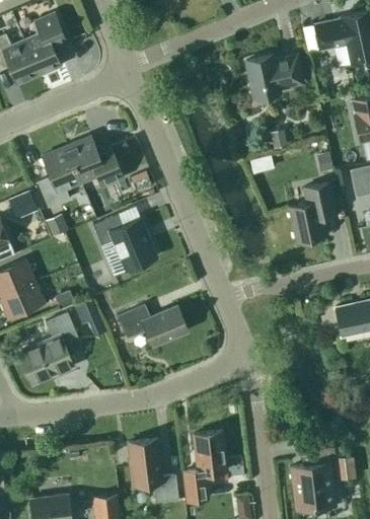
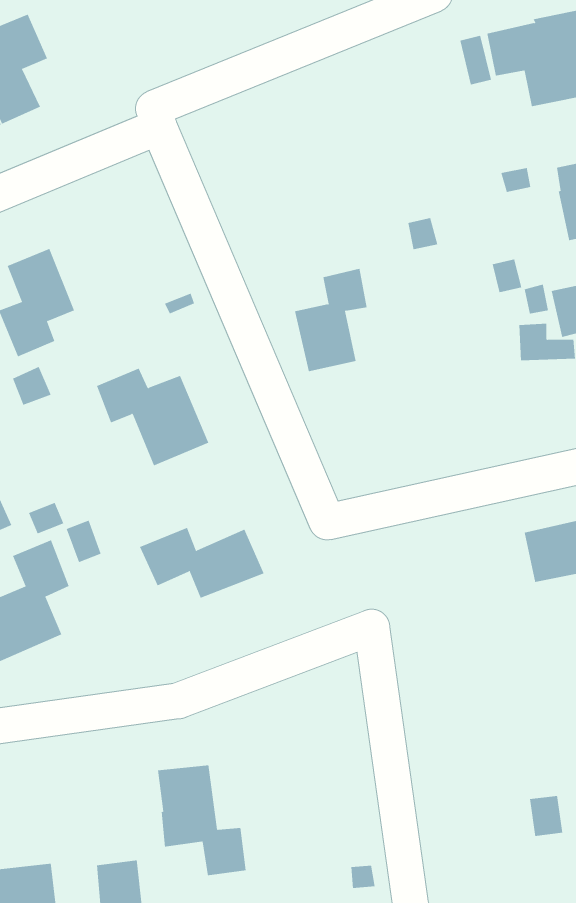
building: [246,56,303,98] -> none
building: [67,136,124,186] -> none
building: [289,182,330,241] -> [294,268,367,372]
building: [184,431,227,502] -> none
building: [291,437,336,510] -> none

